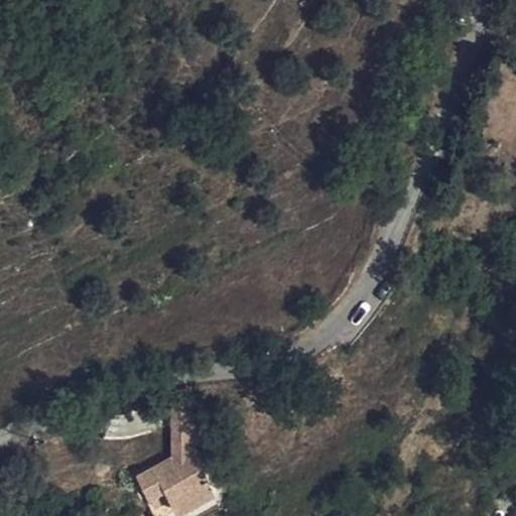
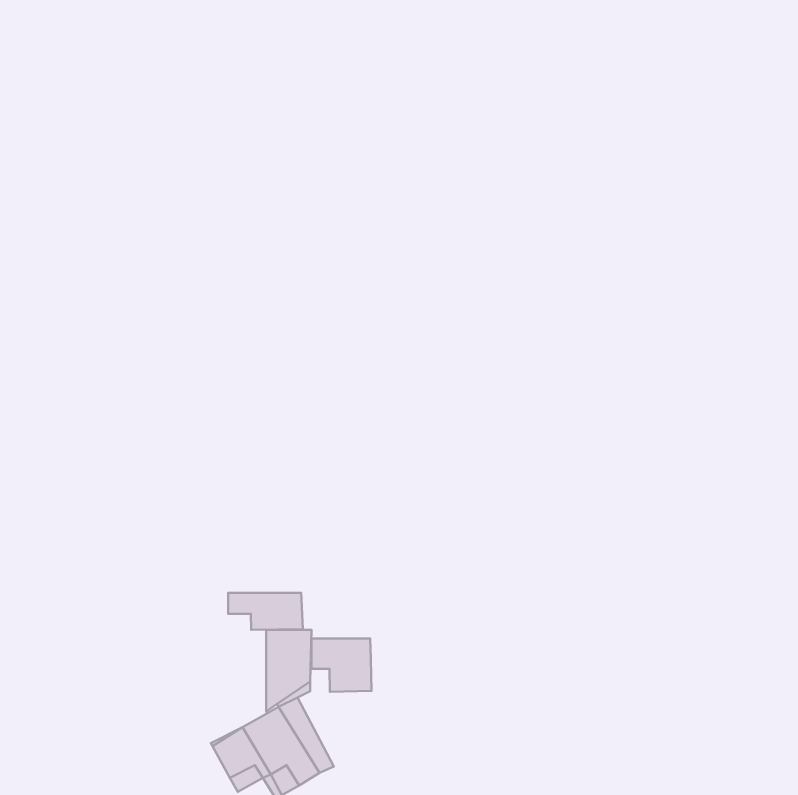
building: none -> [228,593,303,630]
building: none -> [311,639,371,692]

